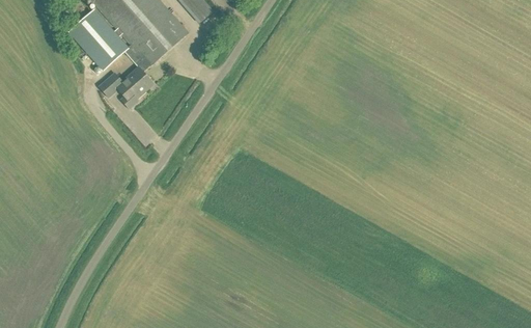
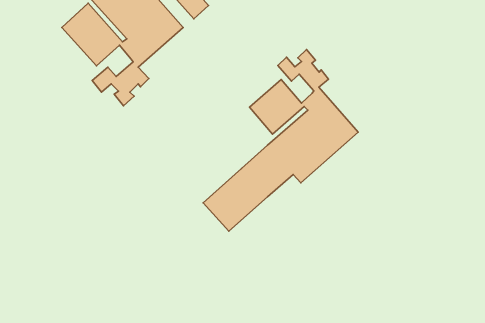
building: none -> [203,50,358,231]

